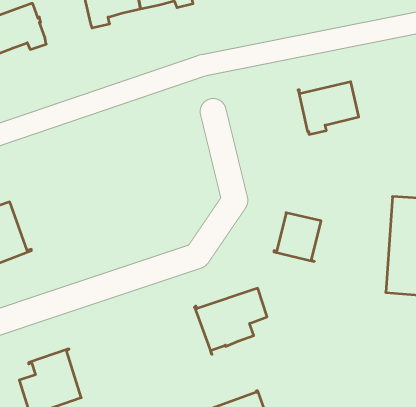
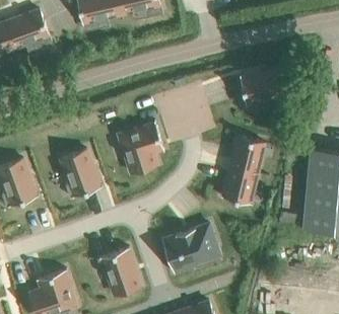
building: none -> [119,121,164,173]
building: none -> [230,136,265,173]
building: none -> [61,149,103,198]
building: none -> [97,247,140,295]

